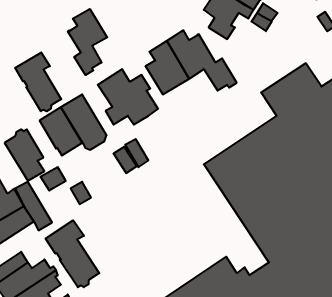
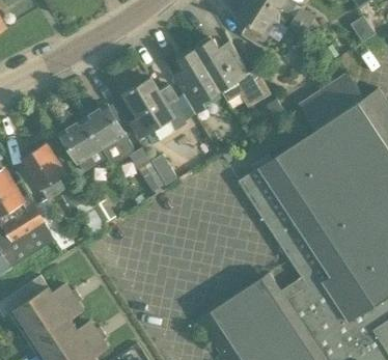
building: [68,9,107,75] -> none
building: [15,52,61,111] -> none
building: [46,220,99,287] -> none

